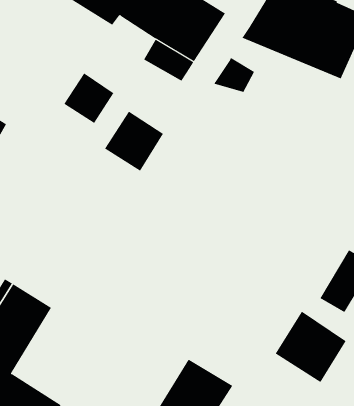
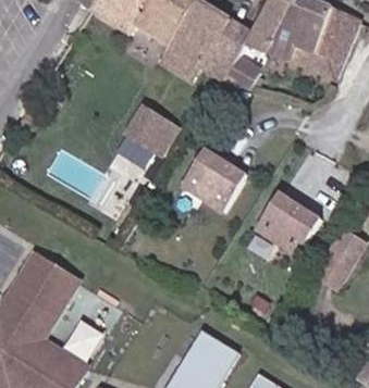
building: none -> [200,18,253,79]
building: [63,72,114,124] -> none
building: none -> [180,150,245,213]
building: [275,311,346,383] -> [255,192,319,256]

